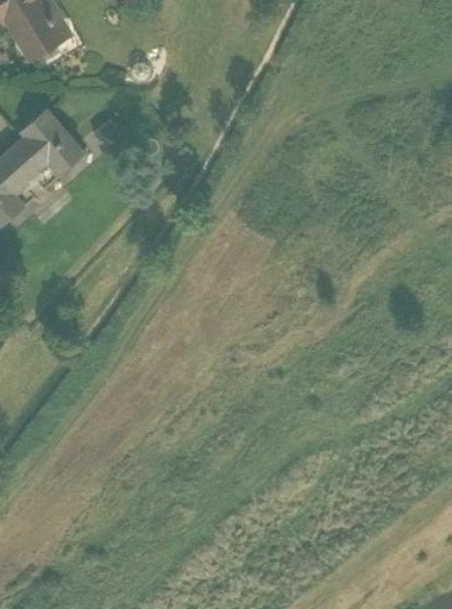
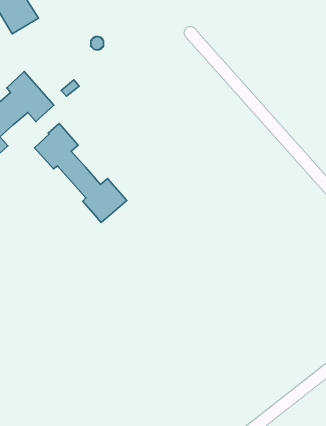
building: none -> [34,123,127,223]

